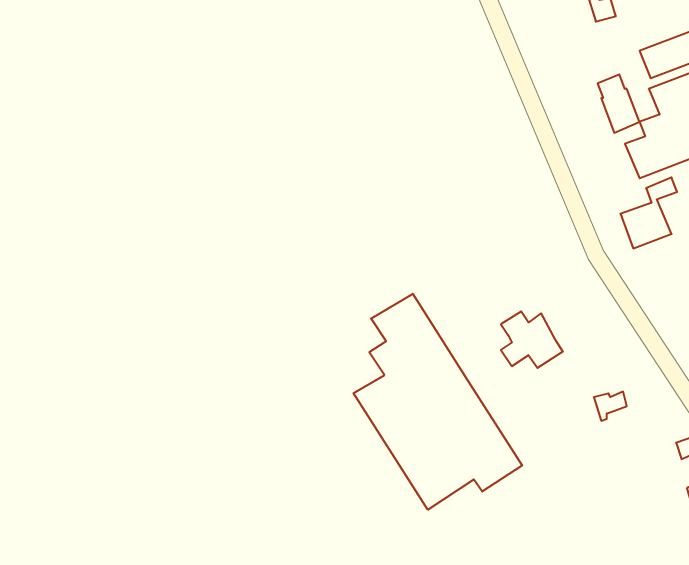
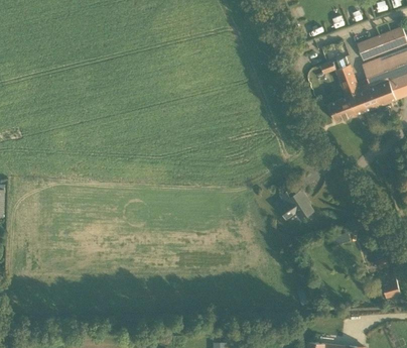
building: [620,177,677,248] -> [328,84,360,123]
building: [354,294,522,510] -> none

